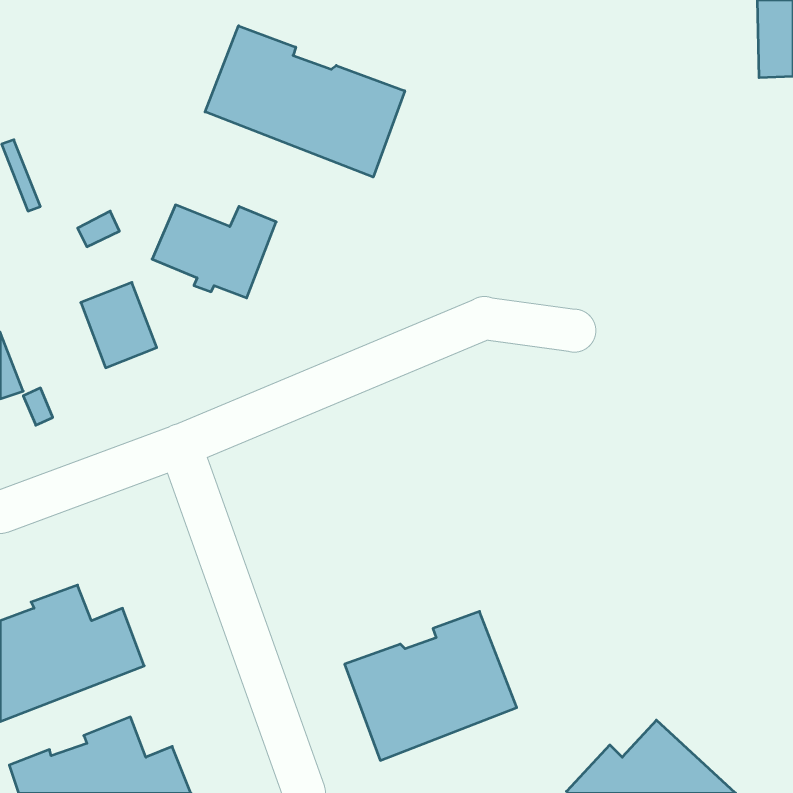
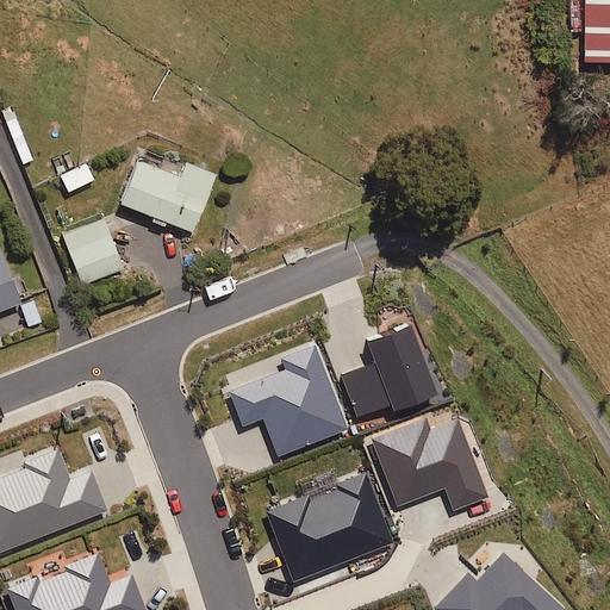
building: [205,26,405,177] -> none
building: none -> [341,324,438,418]
building: none -> [230,343,348,454]
building: none -> [372,418,487,510]

